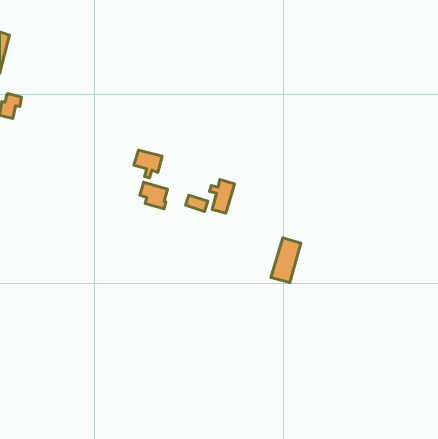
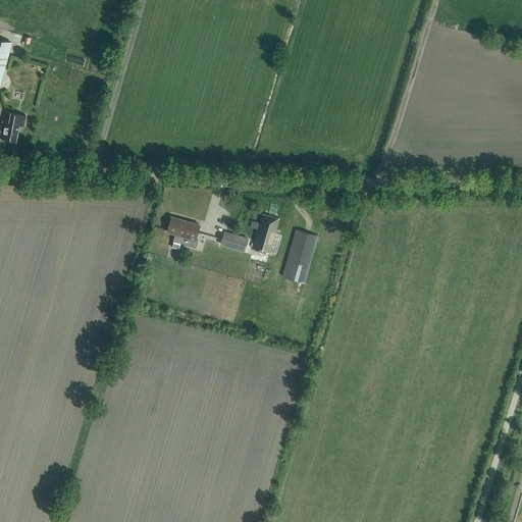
building: [134,150,162,178] -> none
building: [271,238,301,283] -> [281,229,317,282]

